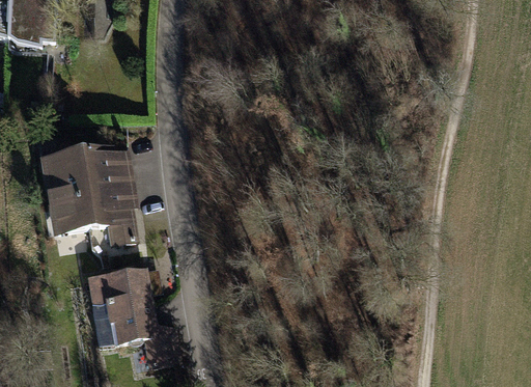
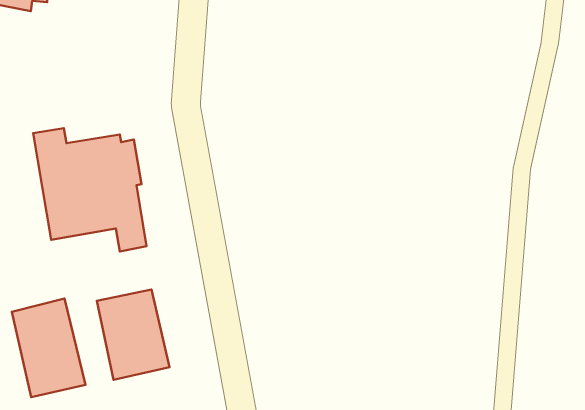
building: none -> [12,299,85,397]

